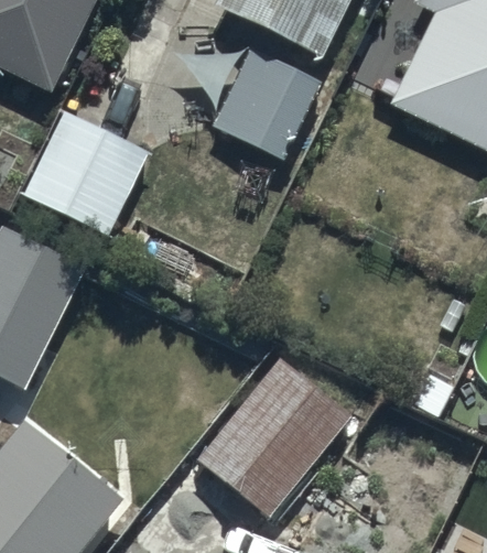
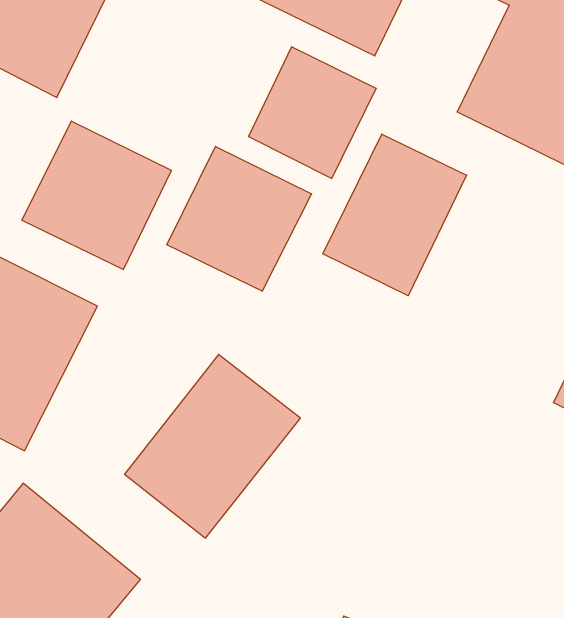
building: none -> [323,134,467,296]
building: none -> [167,146,312,291]
building: [199,359,348,514] -> [125,354,300,538]

